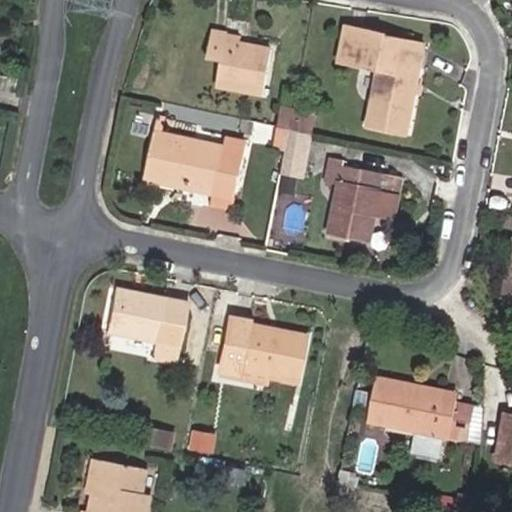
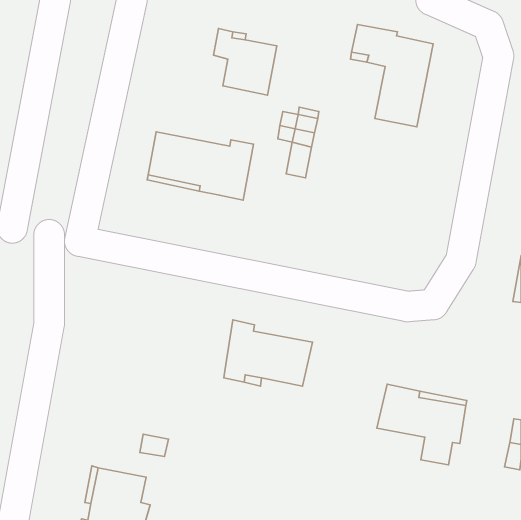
building: [323,155,402,241] -> none
building: [104,289,189,362] -> none

